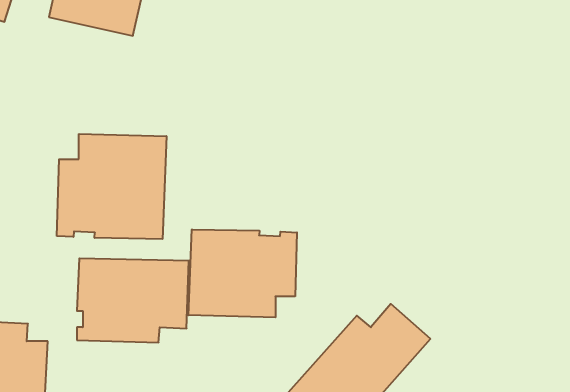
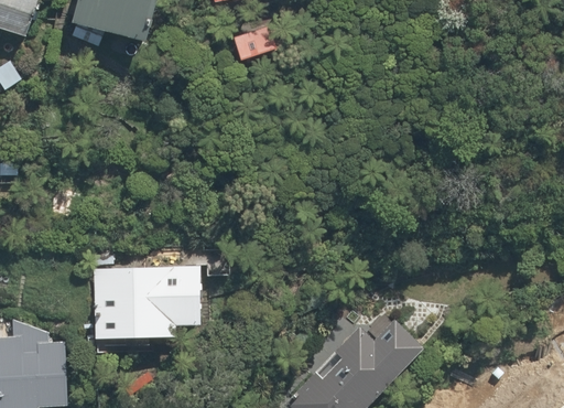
building: [57,134,166,239] -> none
building: [188,229,297,317] -> none

